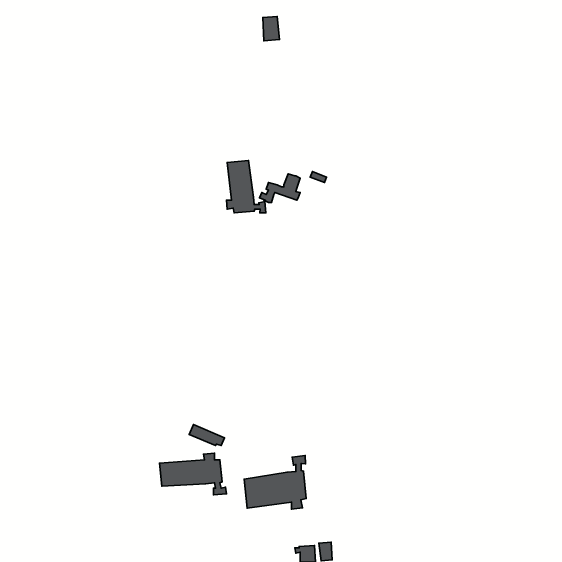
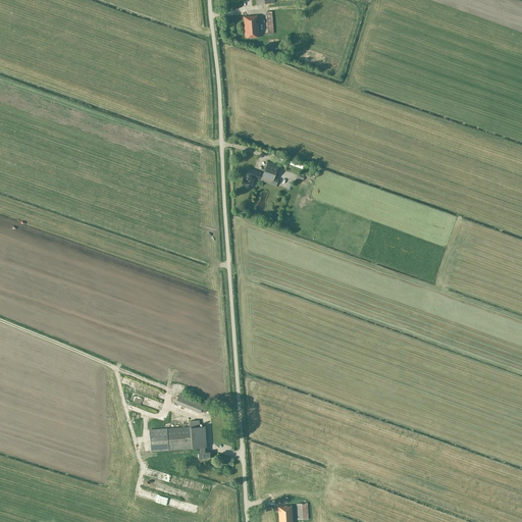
building: [226,161,266,213] -> none
building: [244,455,306,509] -> none

